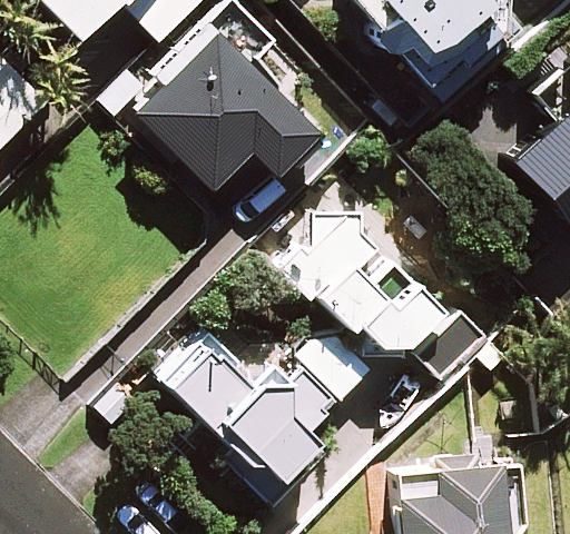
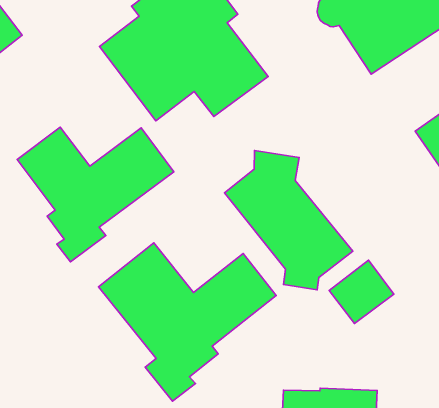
building: none -> [17,127,174,262]

